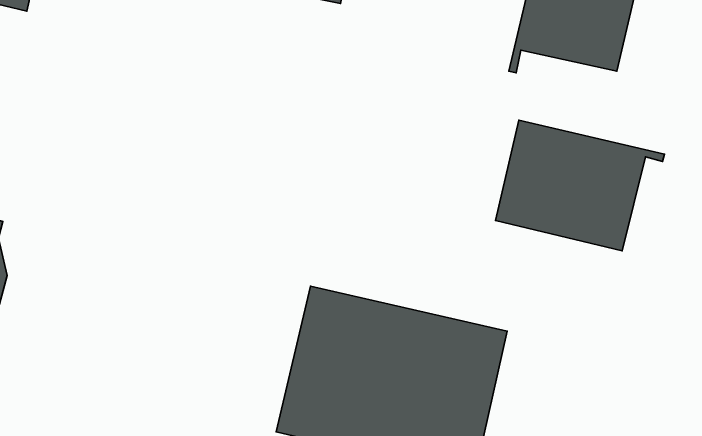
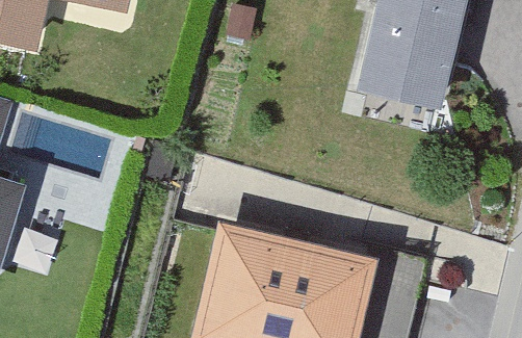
building: [495,120,664,251] -> none

